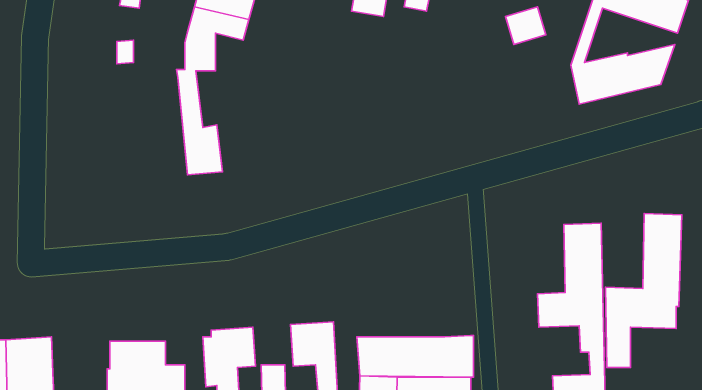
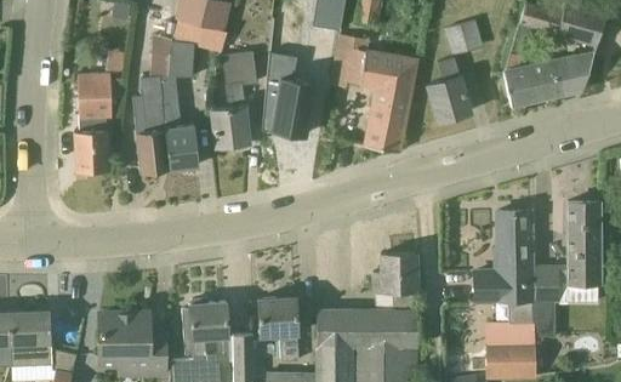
building: none -> [346,38,416,153]
building: none -> [137,52,169,172]
building: none -> [211,52,256,147]
building: none -> [262,52,313,136]
building: none -> [427,58,471,121]
building: none -> [75,76,112,171]
building: none -> [374,253,417,310]

